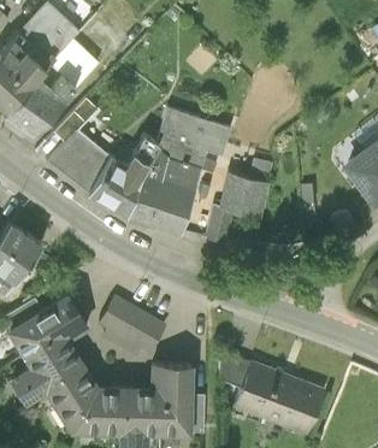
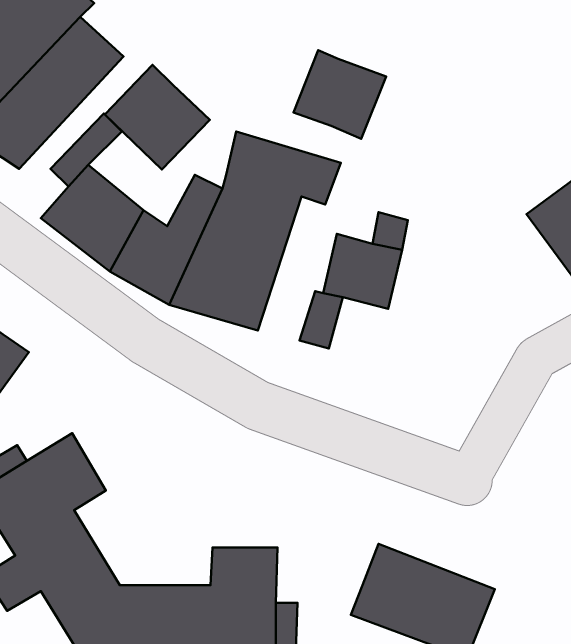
building: none -> [293,50,386,139]
building: none -> [105,65,210,170]
building: [102,296,167,354] -> none
building: [220,352,254,388] -> none

